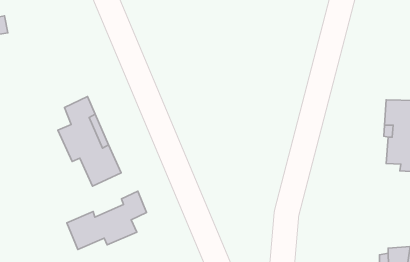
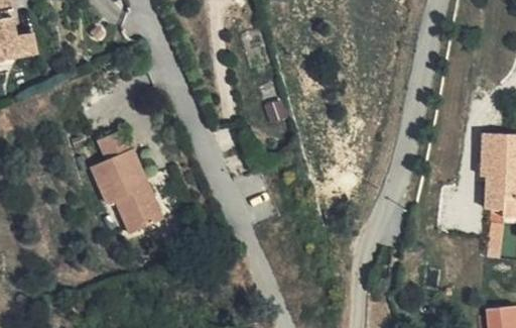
building: [67,191,147,249] -> none

